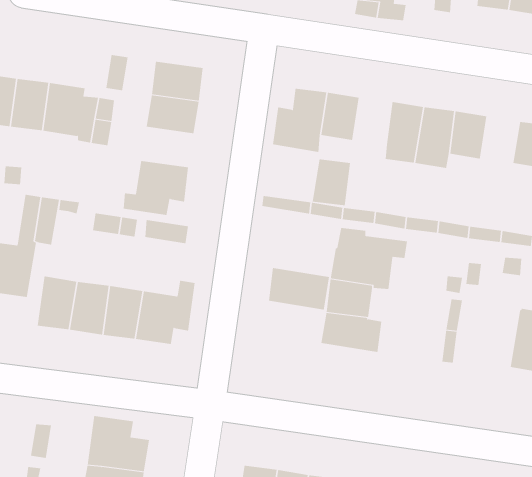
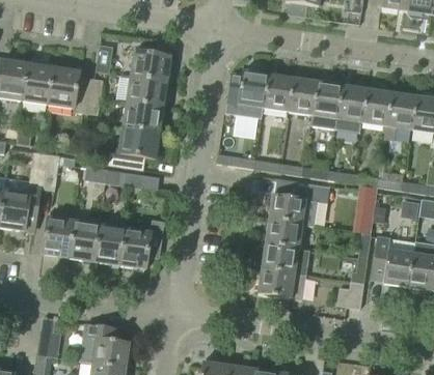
building: none -> [383,92,414,142]
building: none -> [121,100,163,132]
building: [312,159,351,206] -> [286,78,316,114]
building: [268,267,330,310] -> [257,267,305,300]
building: none -> [371,236,414,286]
building: none -> [336,281,363,309]

